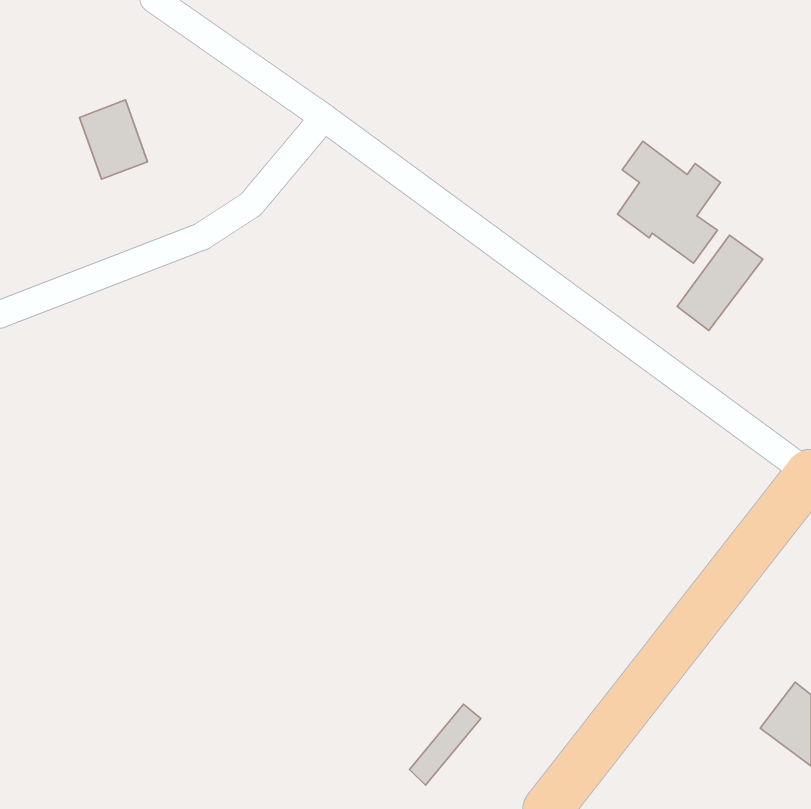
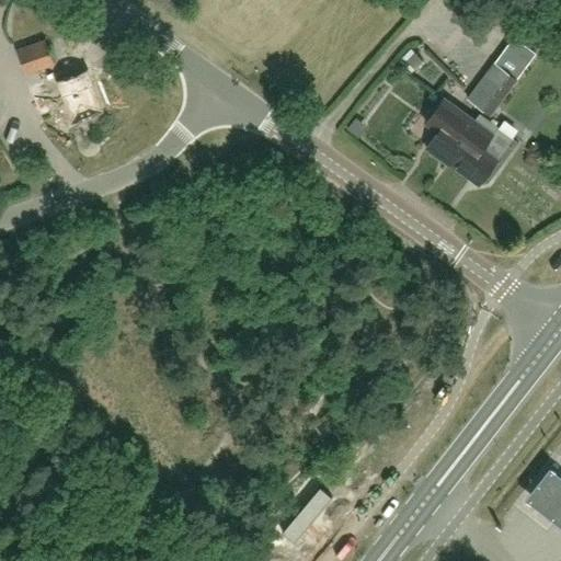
building: none -> [15,38,54,75]
building: [677,235,763,330] -> [468,49,527,115]

